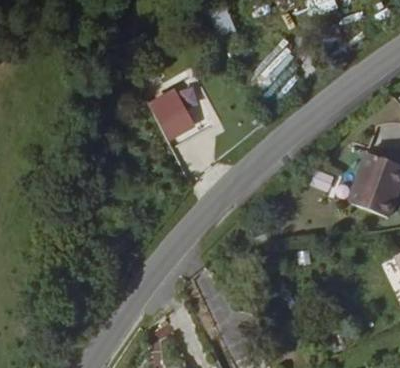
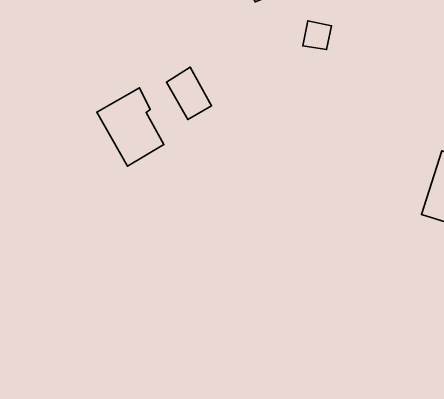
building: none -> [97,88,164,166]

